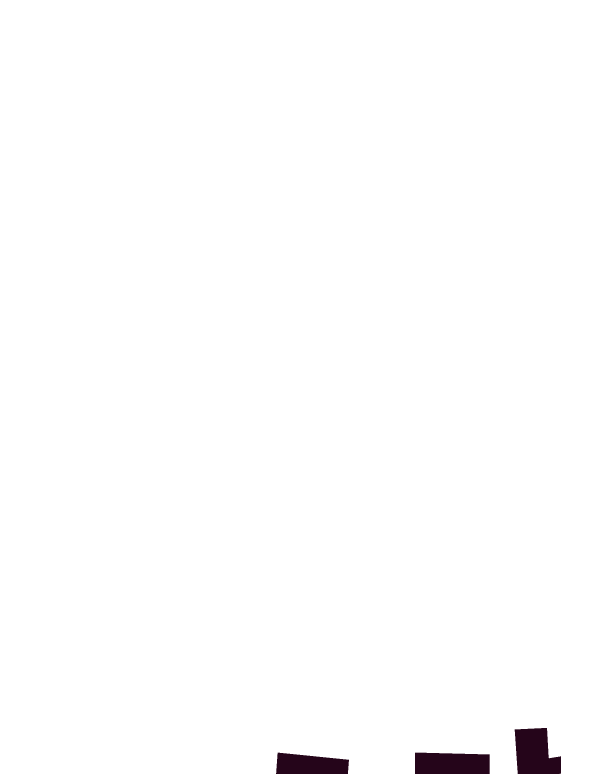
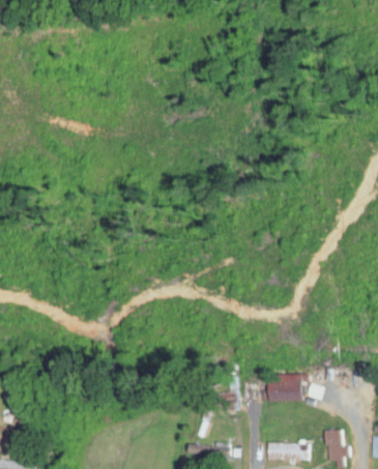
building: none -> [266,374,299,401]

